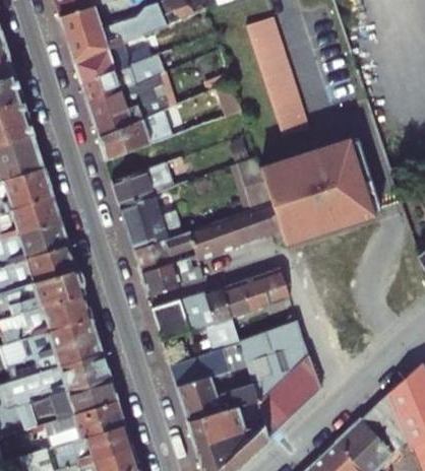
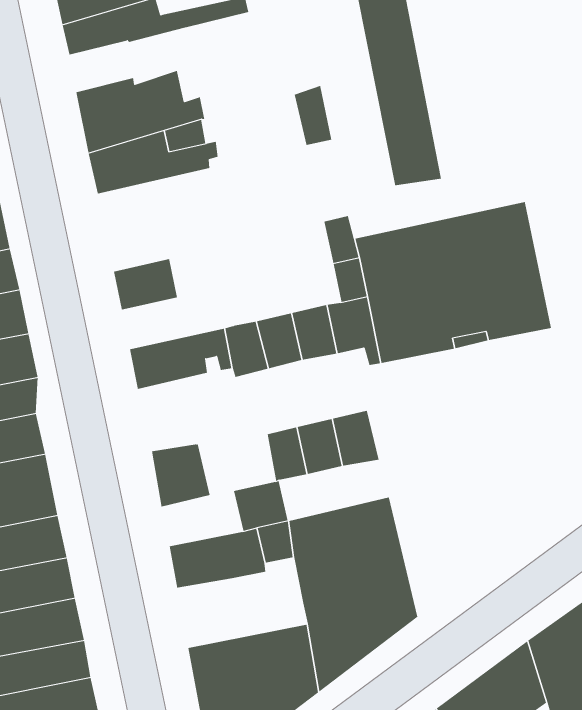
building: [79,56,154,100] -> none
building: [111,160,174,204] -> none
building: [126,211,193,249] -> none
building: [140,257,203,295] -> none
building: [180,290,228,330] -> none
building: [176,378,255,421] -> none

